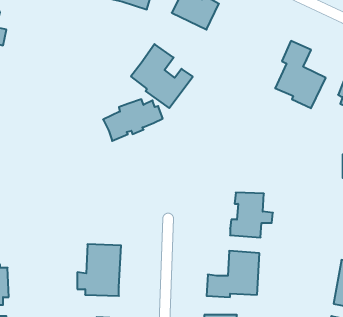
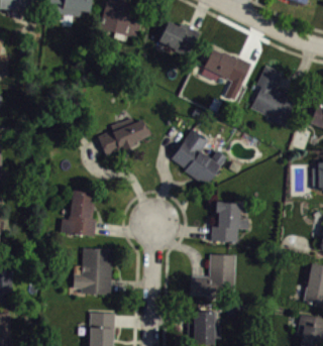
building: none -> [204,48,252,85]
building: [131,44,193,108] -> [172,128,227,186]
building: none -> [61,190,97,236]

